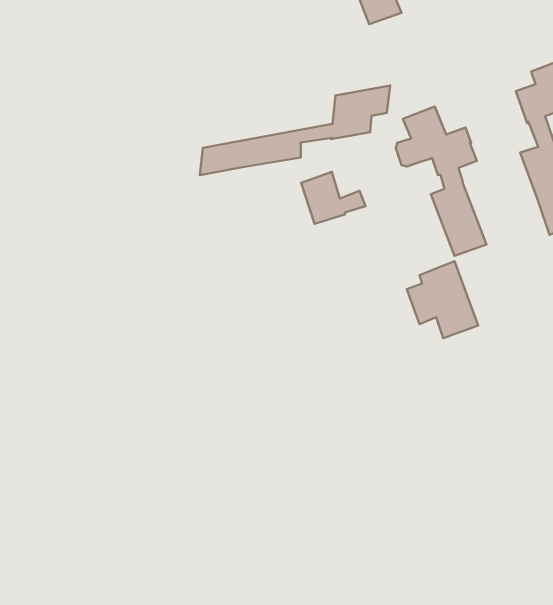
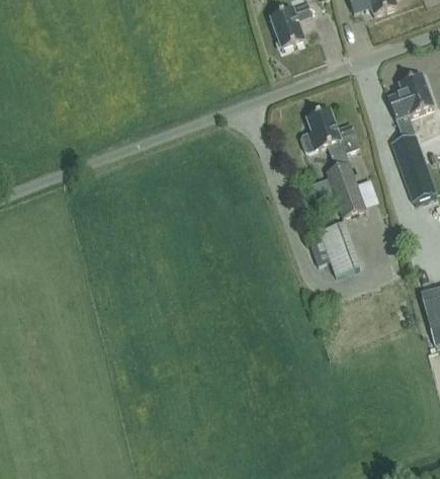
building: [200,85,390,175] -> none
building: [301,172,365,224] -> none

